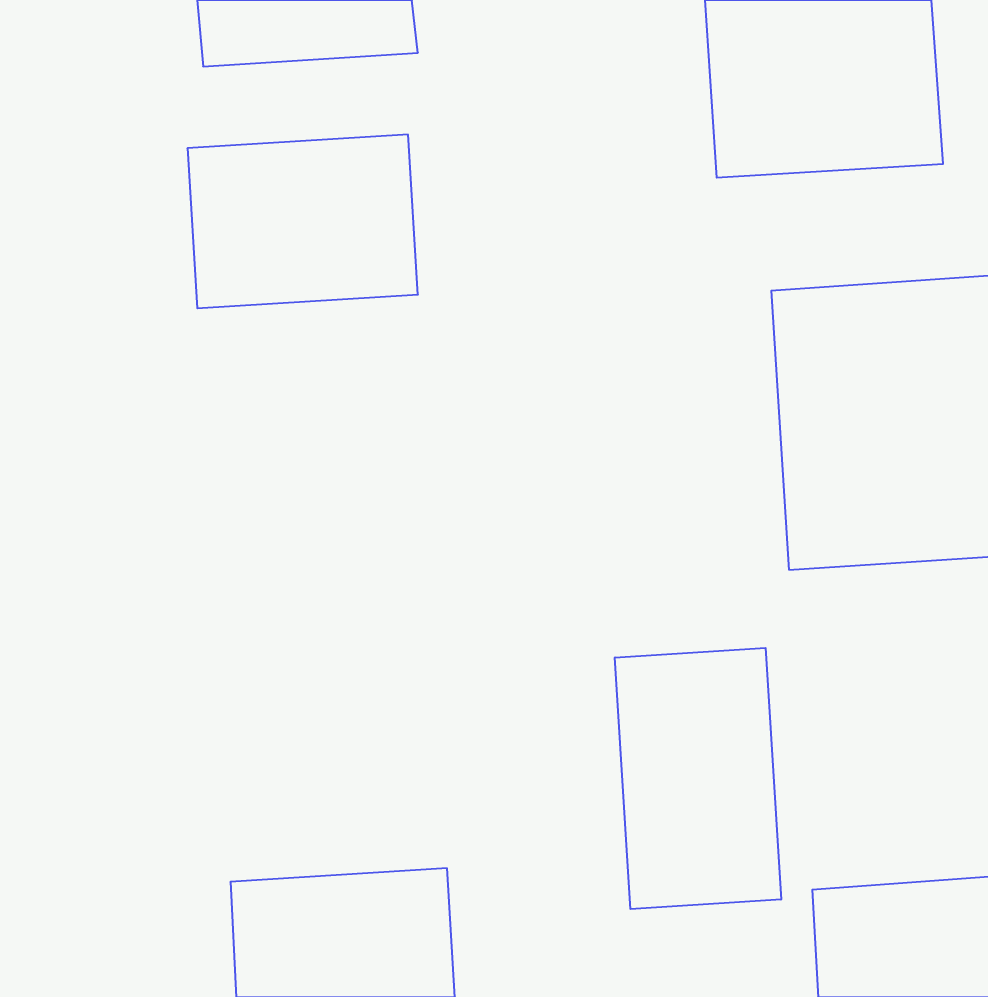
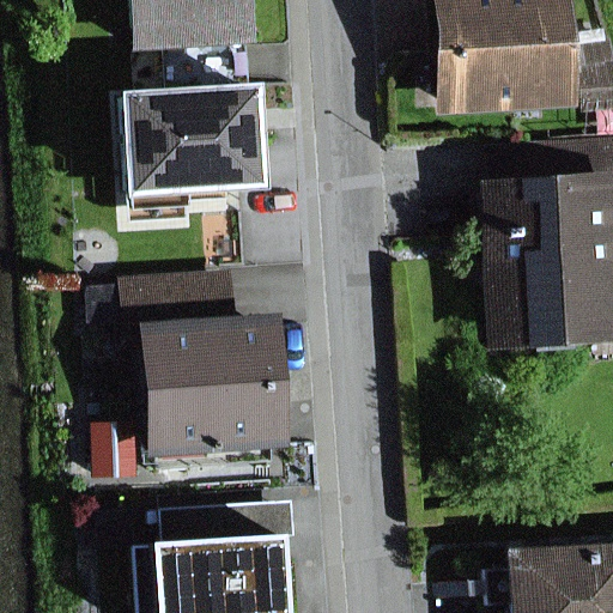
building: none -> [105,263,293,475]
building: [615,648,781,909] -> none

